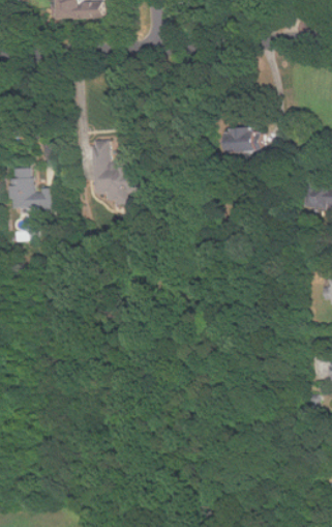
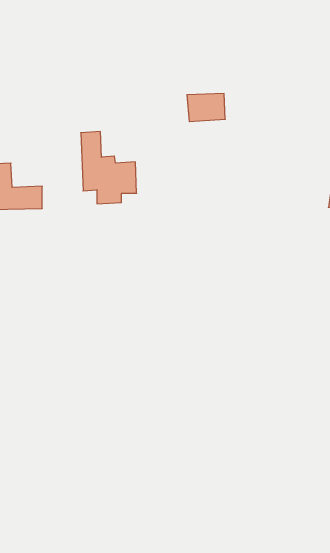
building: [225,128,260,153] -> [187,94,225,122]

